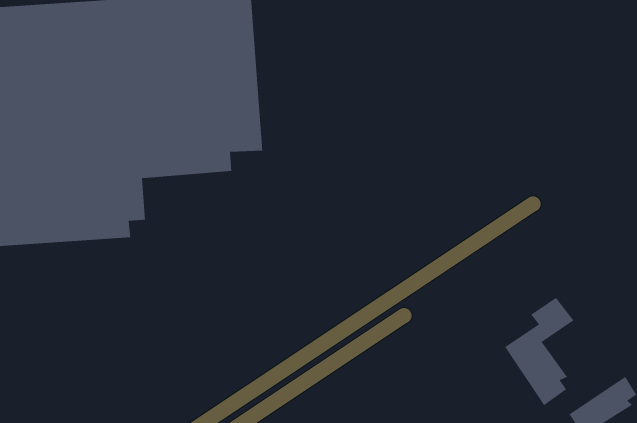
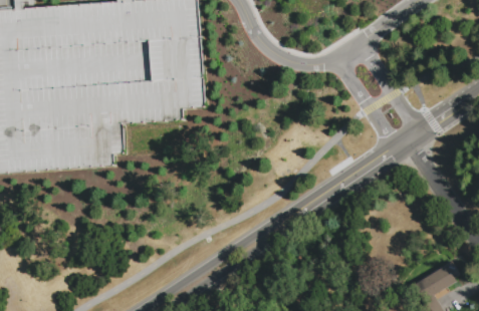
building: [504,297,574,406] -> none

